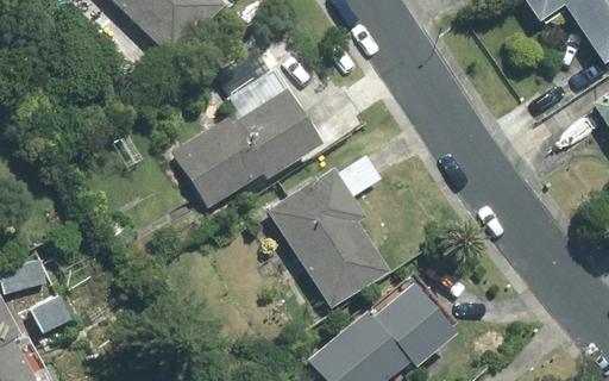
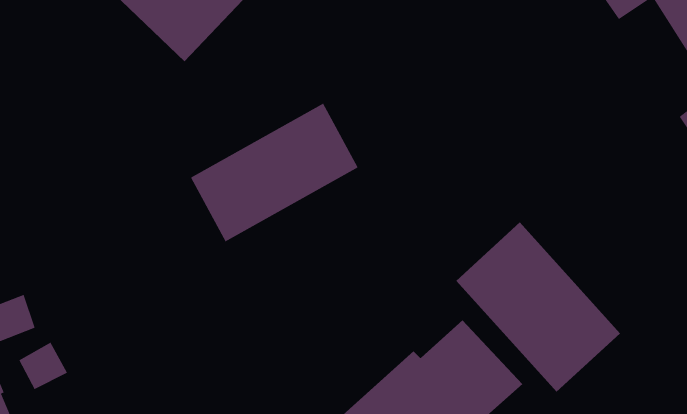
building: [269,169,385,306] -> none
building: none -> [456,222,621,393]

